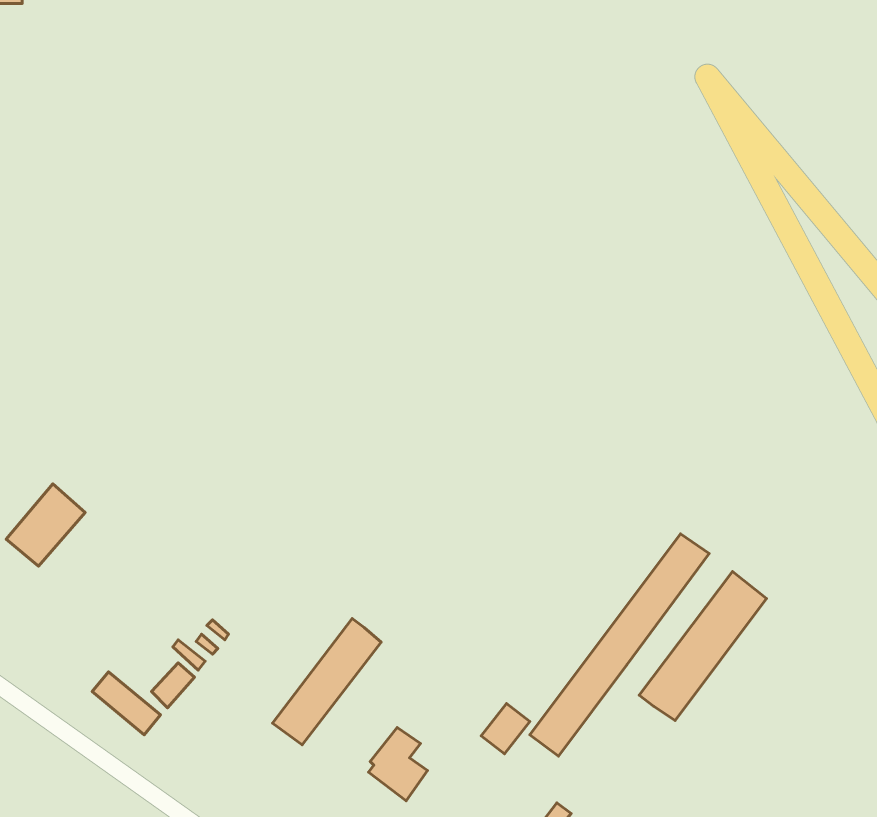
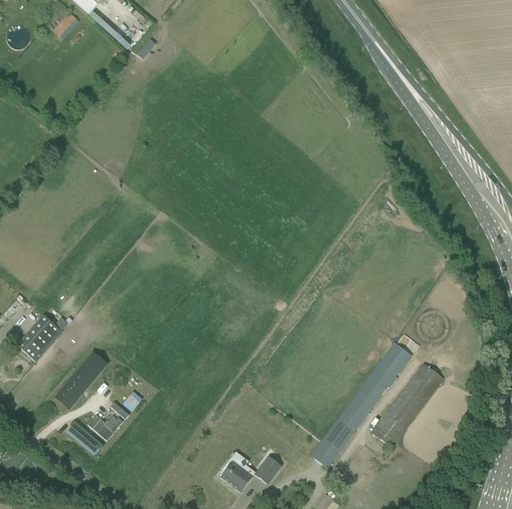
building: none -> [55,354,104,405]
building: [272,618,381,745] -> none
building: [481,704,530,754] -> [254,456,281,484]

